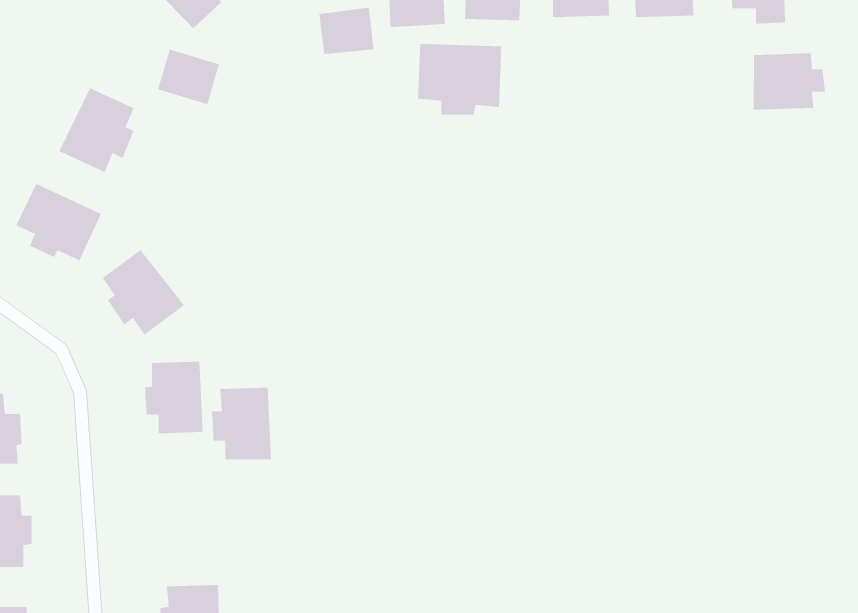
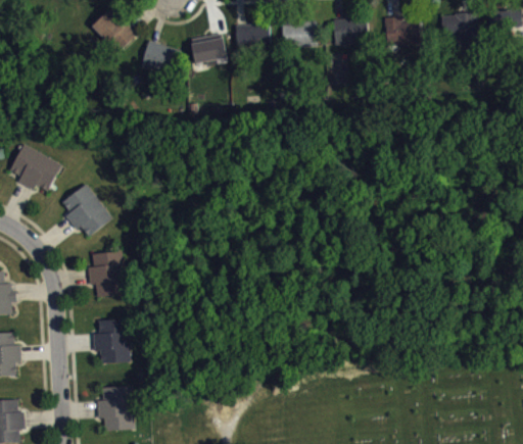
building: [417,43,502,116] -> none
building: [157,49,220,105] -> [141,41,179,75]
building: [753,53,825,110] -> none
building: [58,87,134,173] -> none
building: [211,387,272,460] -> [93,319,130,363]

